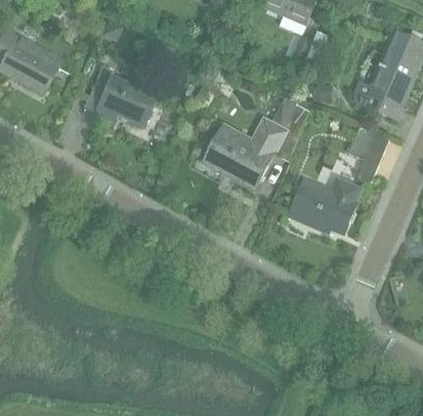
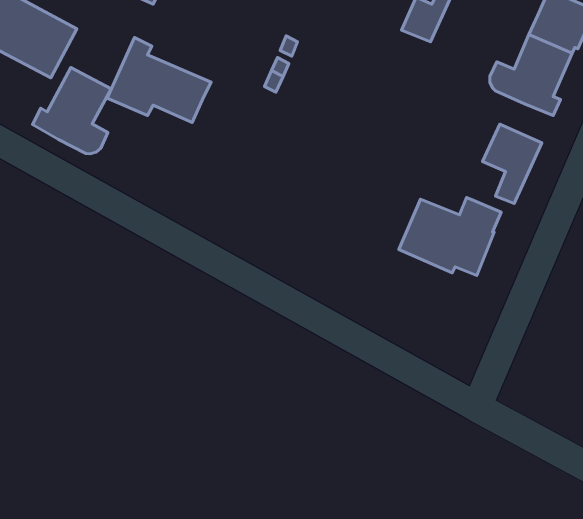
building: none -> [32,67,111,154]
building: [204,102,309,189] -> none

